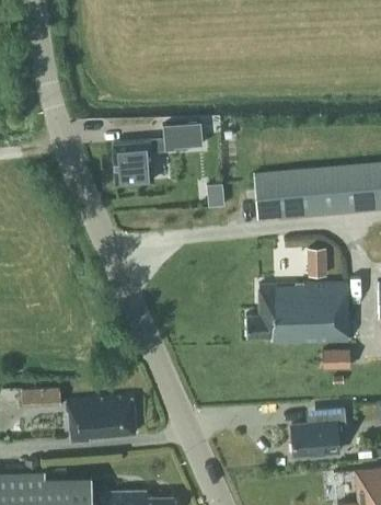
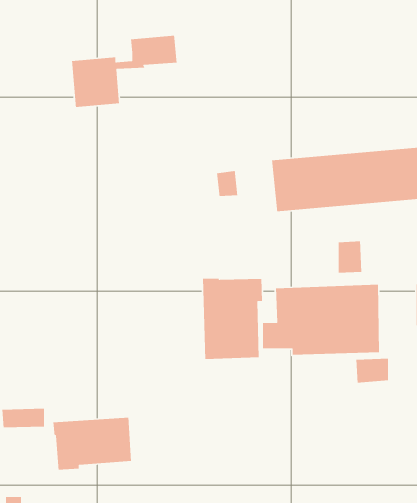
building: [112,123,203,185] -> [71,35,177,108]
building: none -> [202,278,263,360]
building: [291,406,346,456] -> none

